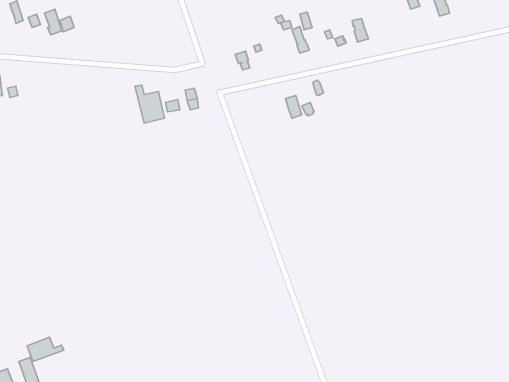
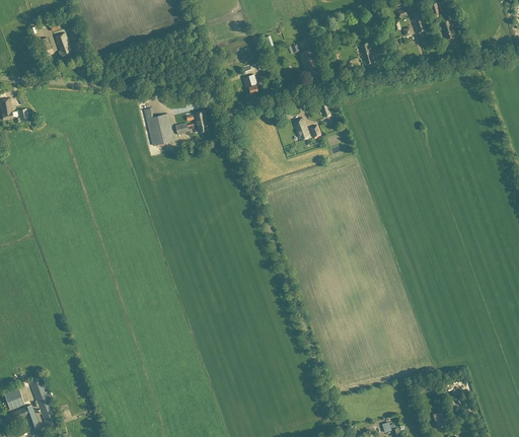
building: [27,337,64,362] -> none

